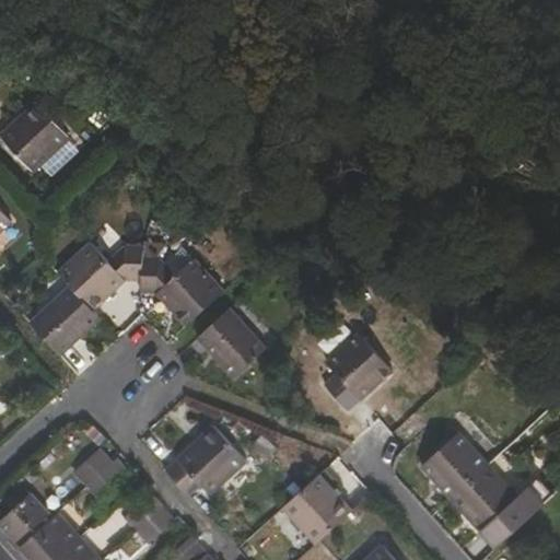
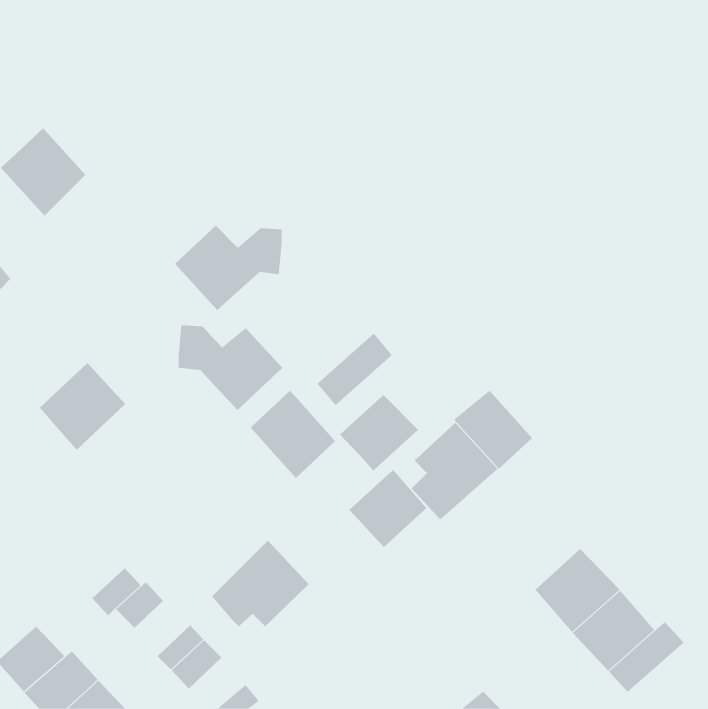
building: [57,242,142,310] -> [174,225,282,311]
building: none -> [317,333,393,406]
building: none -> [453,390,533,470]
building: none -> [339,394,419,471]
building: none -> [349,469,427,548]
building: [282,475,351,544] -> none

